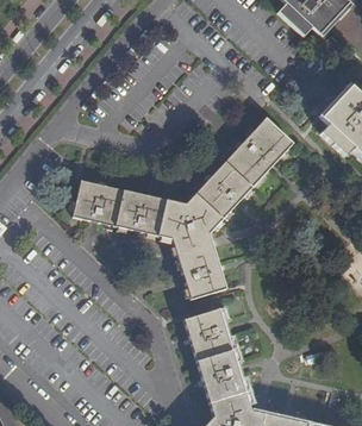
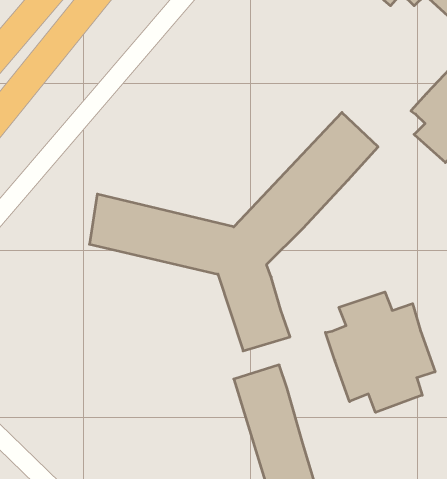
building: none -> [325,292,435,412]

